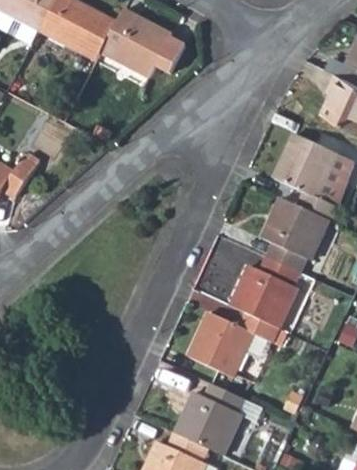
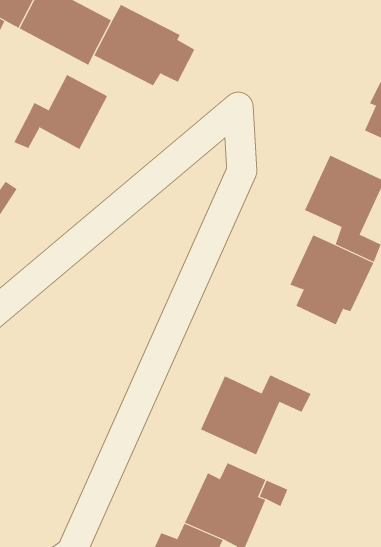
building: none -> [14,74,108,150]
building: [229,256,299,328] -> none

